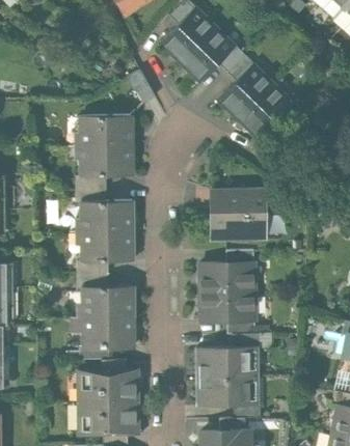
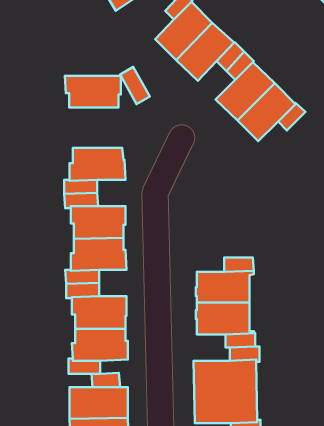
building: [79,116,132,146] -> [65,76,121,108]
building: [212,190,265,239] -> none

